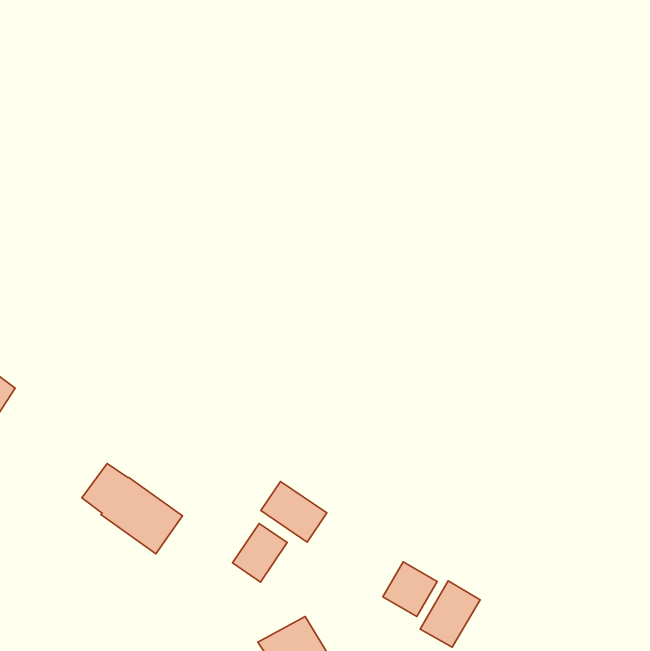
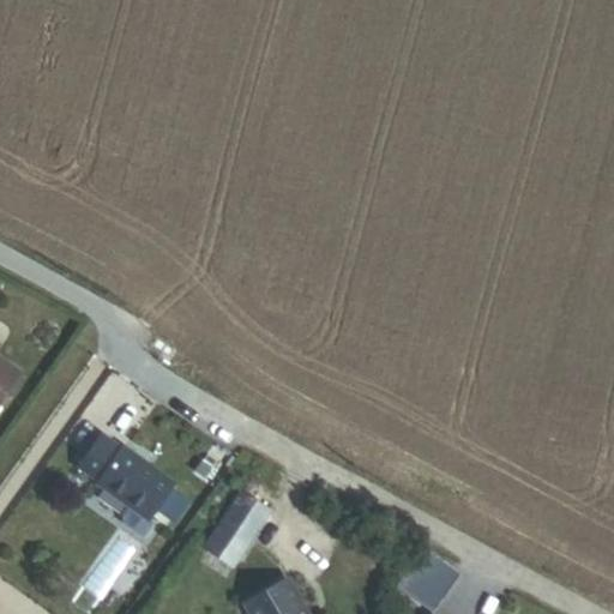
building: [261,481,327,542] -> none
building: [383,562,437,617] -> none

